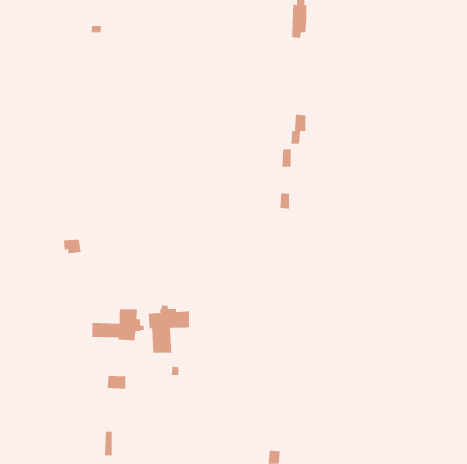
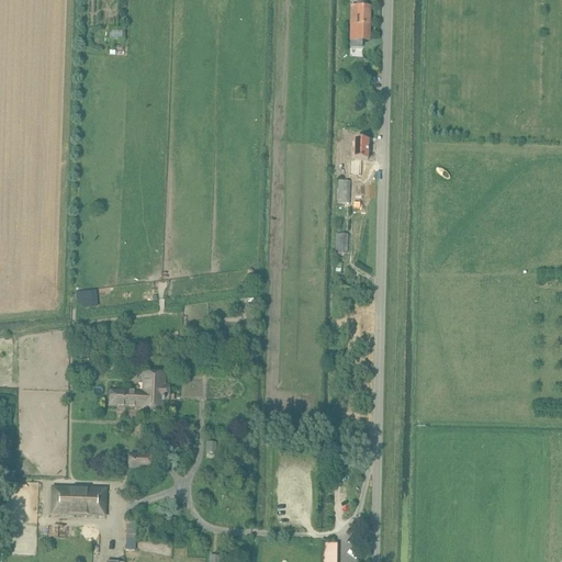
building: [148,305,190,354] -> none
building: none -> [50,485,106,515]

